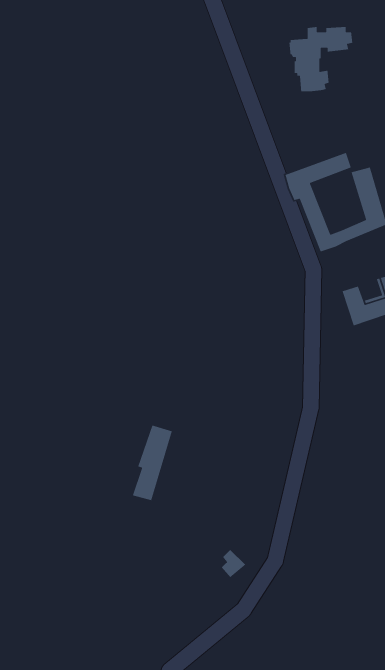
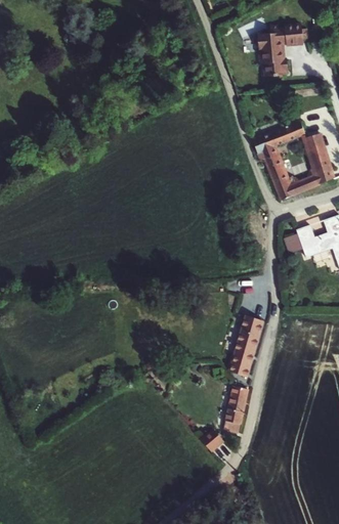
building: [132,424,173,501] -> [230,316,262,376]
building: none -> [223,386,249,433]

